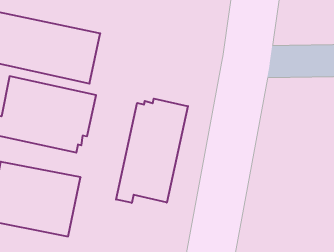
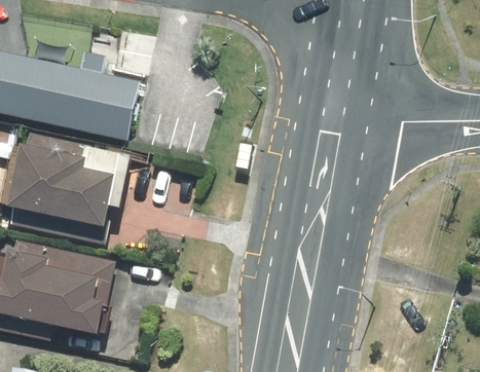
building: [116,99,188,203] -> none

